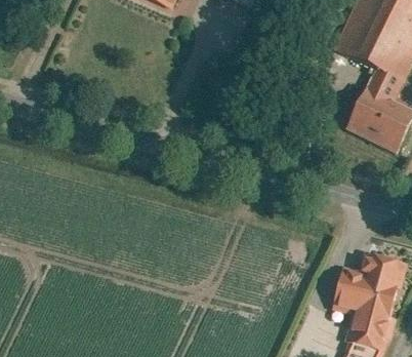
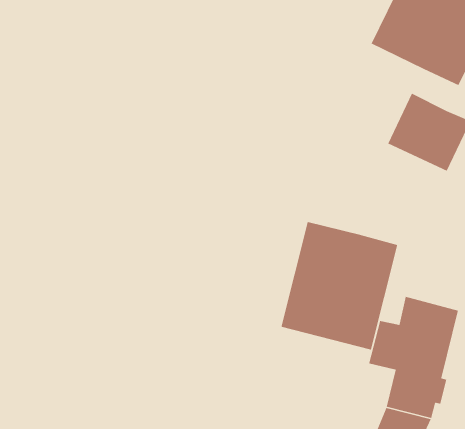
building: [367,67,405,100] -> none
building: none -> [281,221,398,351]

